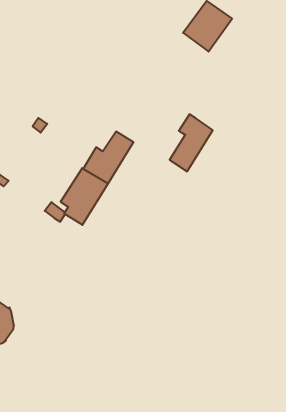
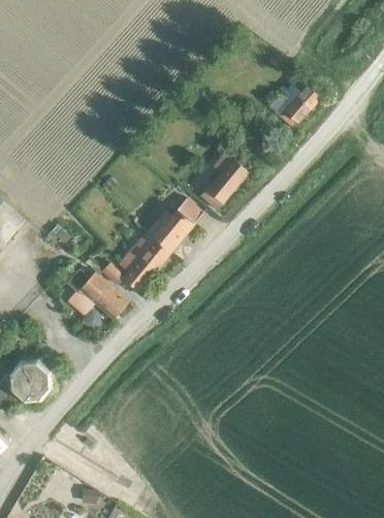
building: [170,114,213,171] -> [200,151,249,209]
building: none -> [66,268,129,318]

